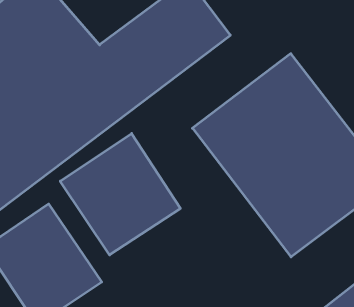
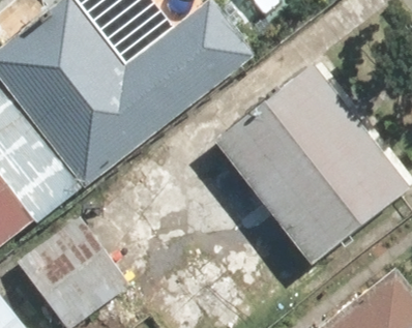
building: [60,133,180,255] -> none

